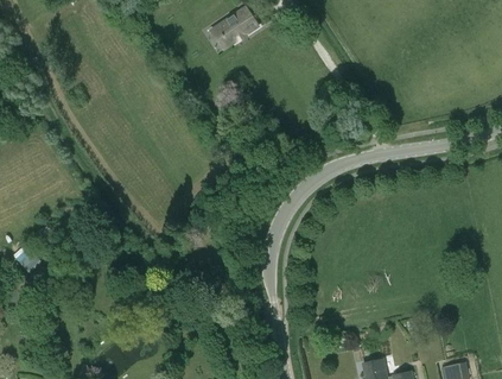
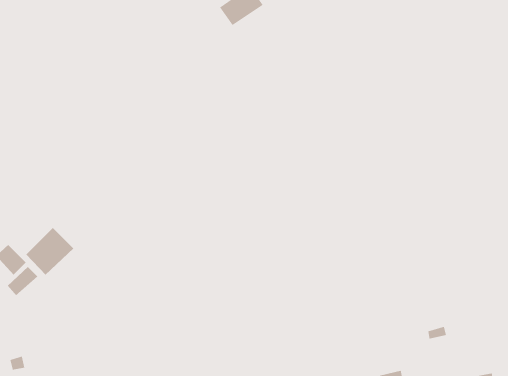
building: none -> [26,227,74,275]

